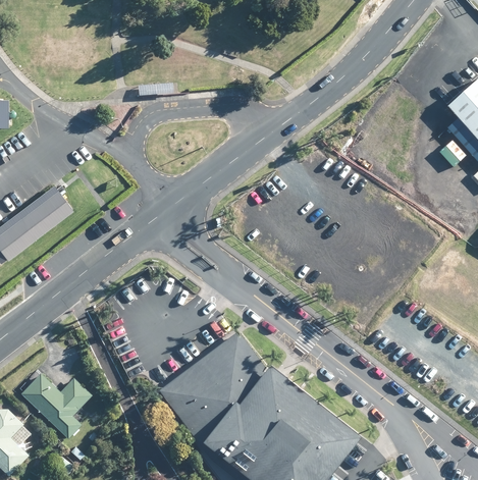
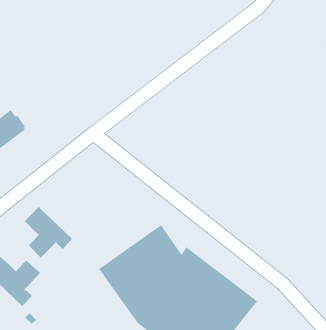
building: none -> [24,206,73,259]

